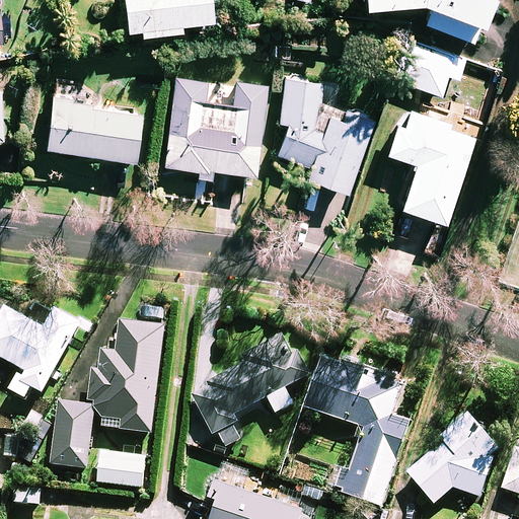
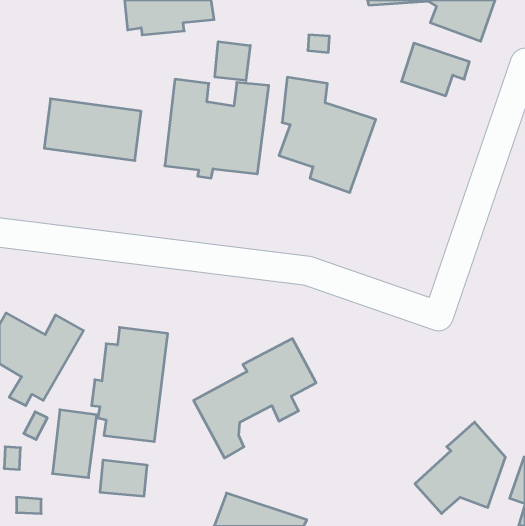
building: none -> [215,42,250,81]
building: [385,105,471,220] -> none
building: [307,356,410,508] -> none

